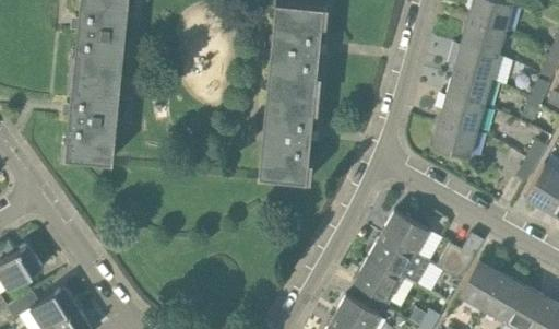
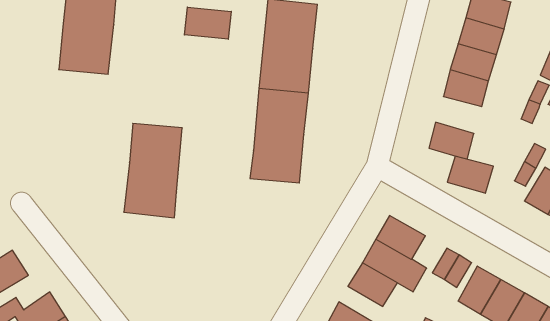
building: none -> [184,7,231,39]
building: [64,74,121,166] -> [124,123,182,218]
building: [439,101,484,137] -> [447,156,493,193]

